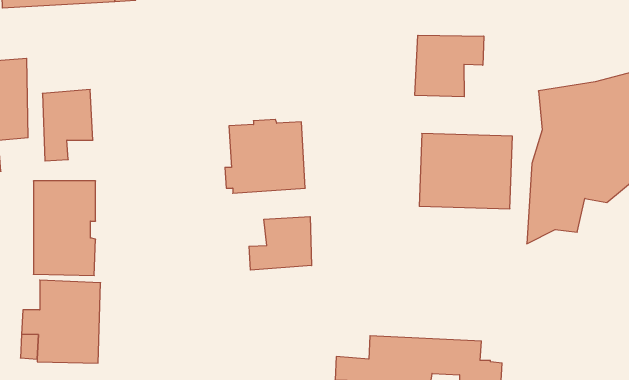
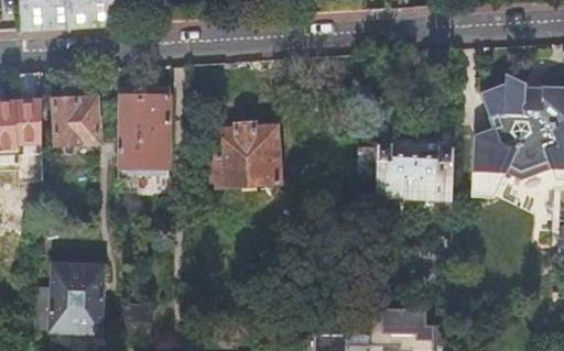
building: [415,35,484,97] -> none
building: [33,181,96,275] -> [120,90,173,171]
building: [249,217,312,270] -> none

